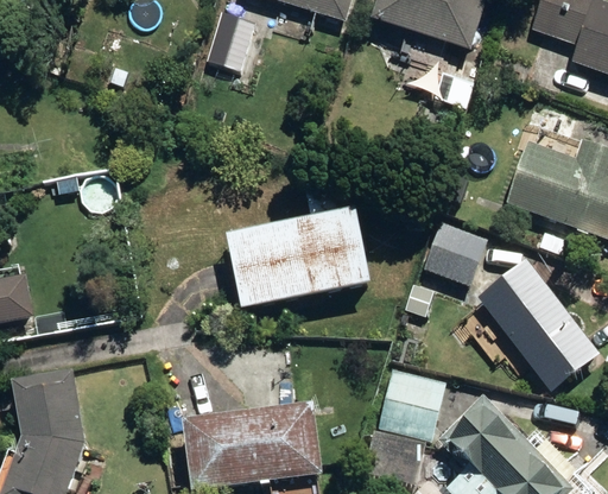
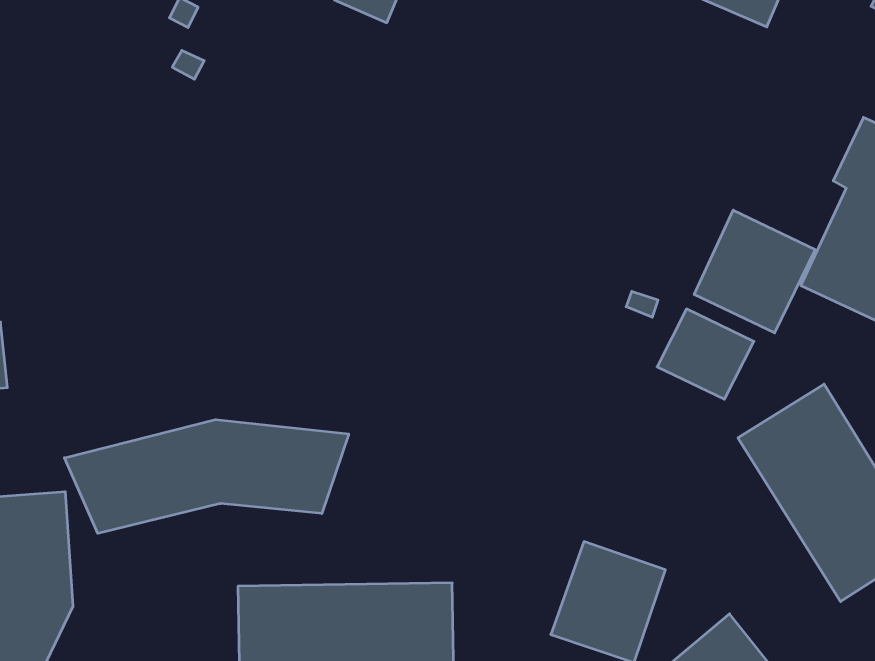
building: none -> [694,210,815,333]
building: [228,180,372,308] -> none
building: none -> [64,420,349,533]

